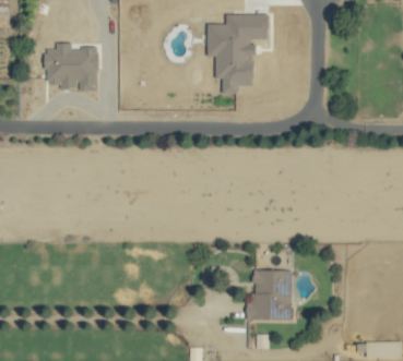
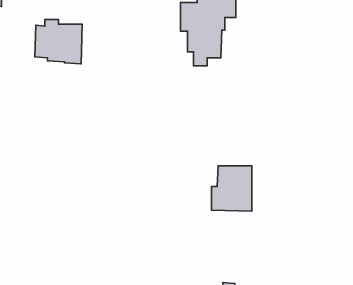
building: [247,270,292,321] -> [211,166,252,211]

